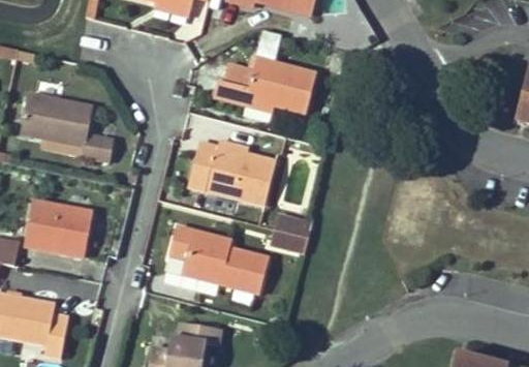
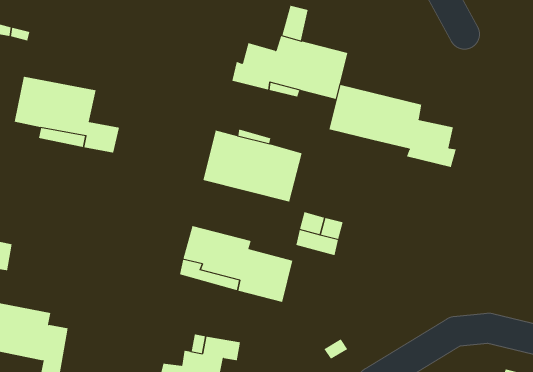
building: none -> [329,84,456,168]
building: [24,200,94,257] -> none

